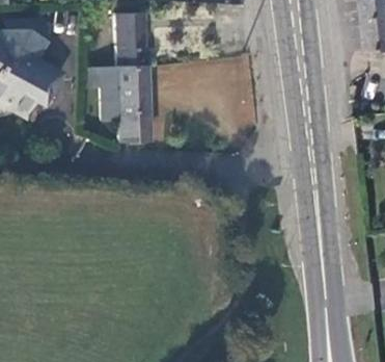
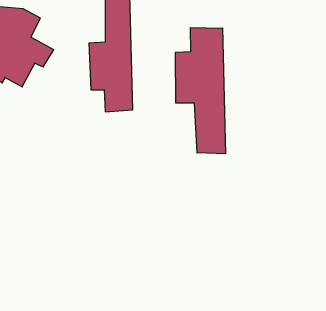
building: none -> [175,28,226,154]

